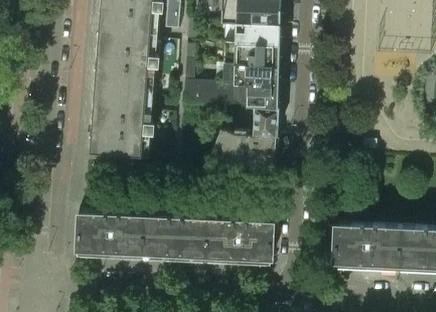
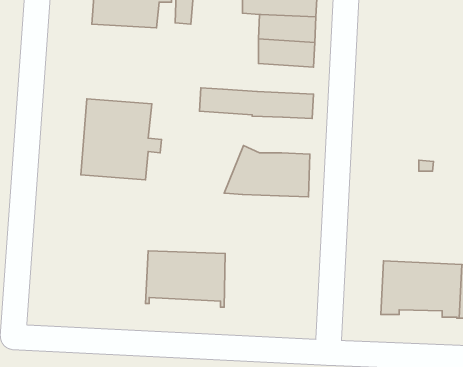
building: [94,31,160,96] -> none
building: [233,63,279,88] -> none
building: [252,107,278,137] -> none
building: [78,213,144,259] -> none
building: [206,218,272,265] -> none

